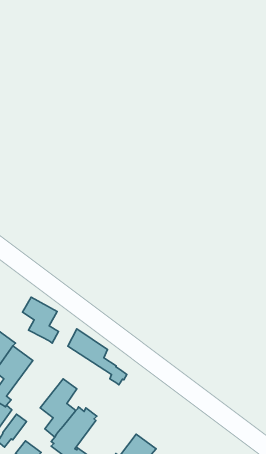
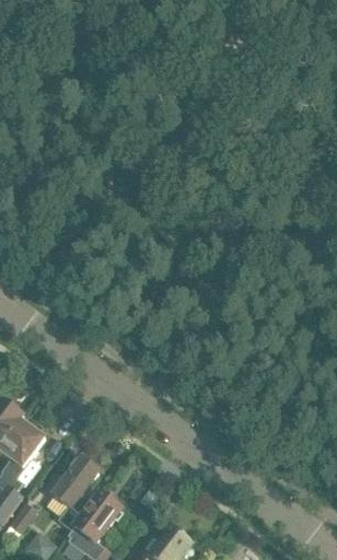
building: [23,297,58,343] -> none
building: [68,329,127,385] -> none

